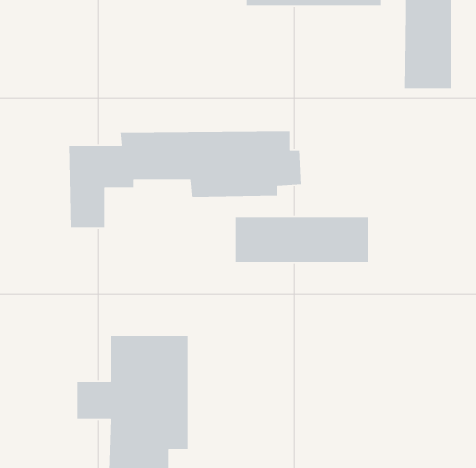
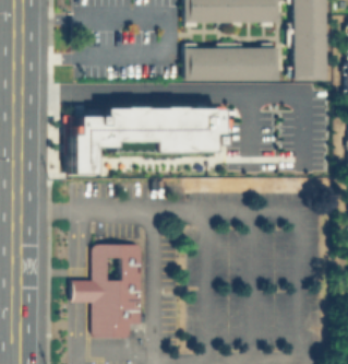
building: [235,216,369,263] -> [185,49,277,81]

